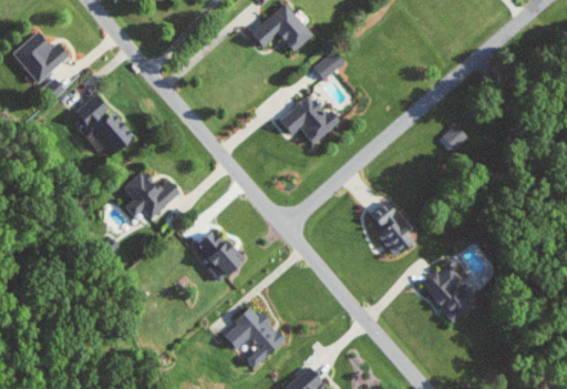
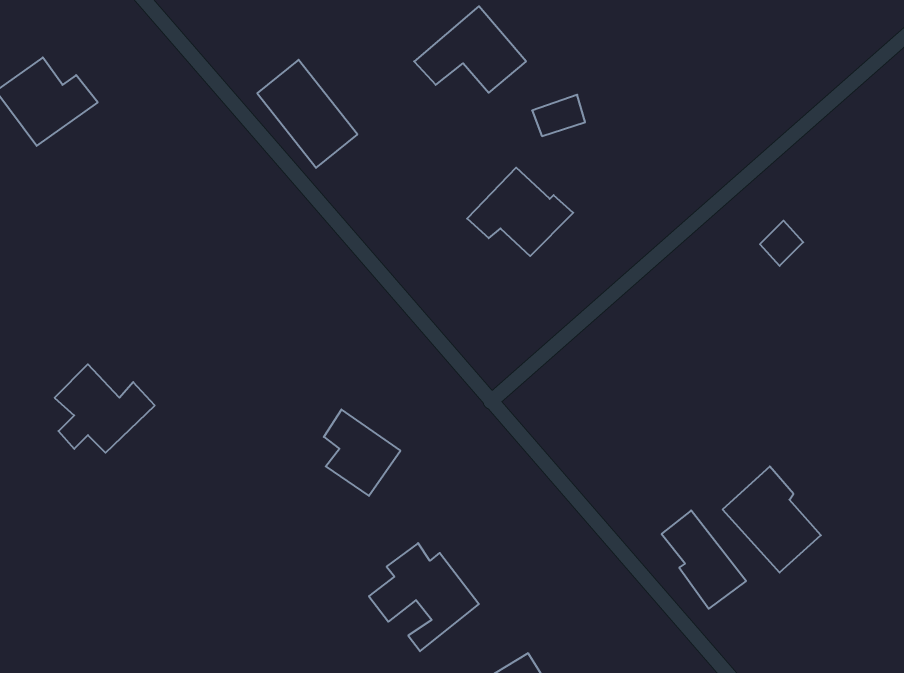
building: [74,94,131,155] -> [257,60,357,168]
building: [122,171,178,221] -> [55,364,155,453]
building: [368,202,415,257] -> [662,510,746,609]

